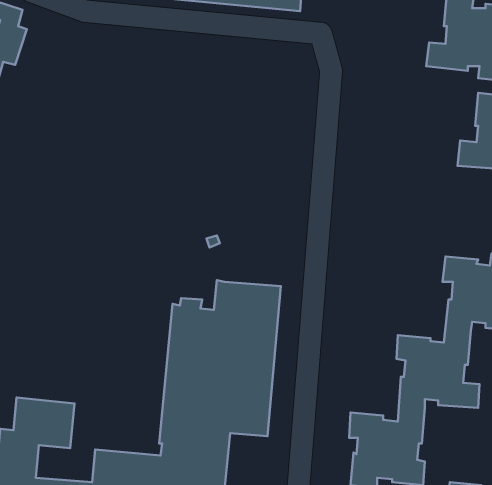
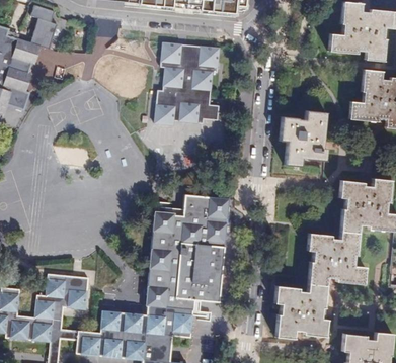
building: none -> [153,42,217,124]
building: none -> [279,110,325,165]

